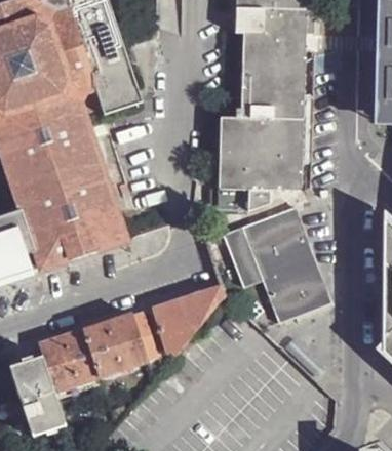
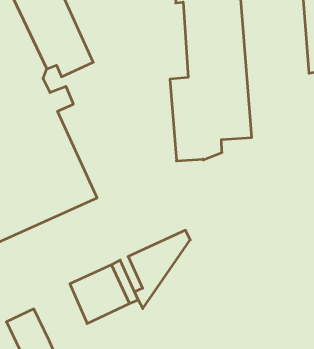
building: [223,207,327,322] -> none
building: [41,331,101,392] -> none

